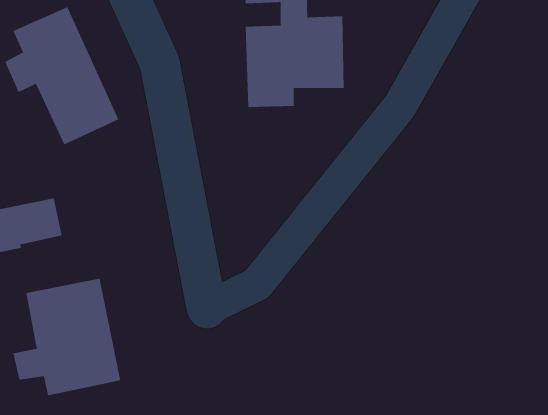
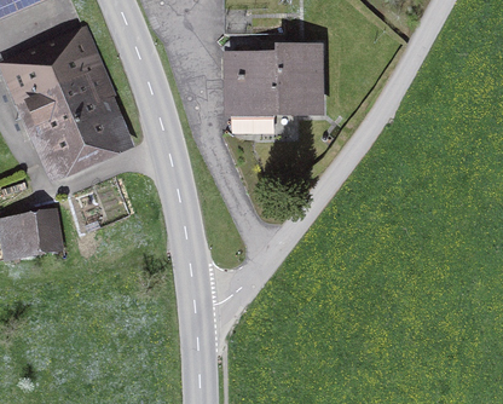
building: [13,278,121,396] -> none

